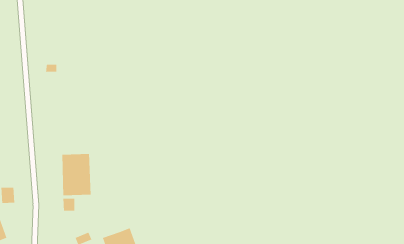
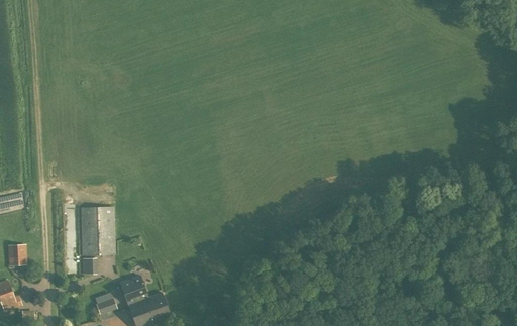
building: none -> [119,275,147,304]

